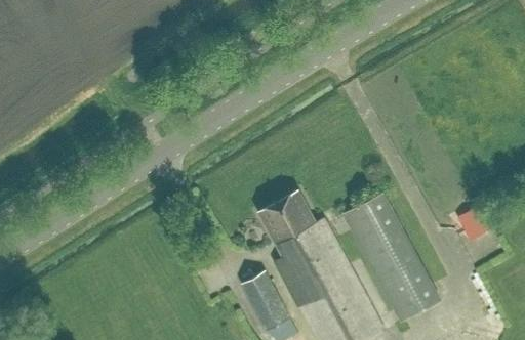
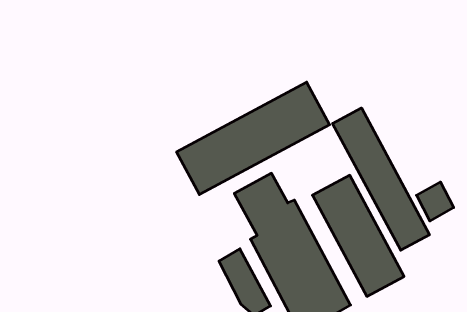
building: none -> [177,82,330,195]
building: none -> [333,108,429,250]

